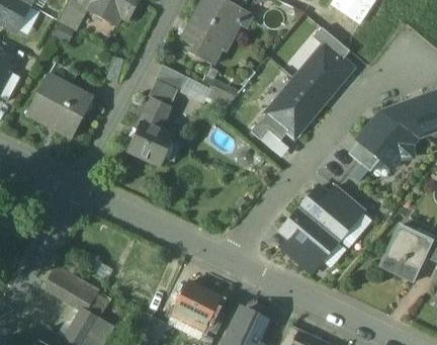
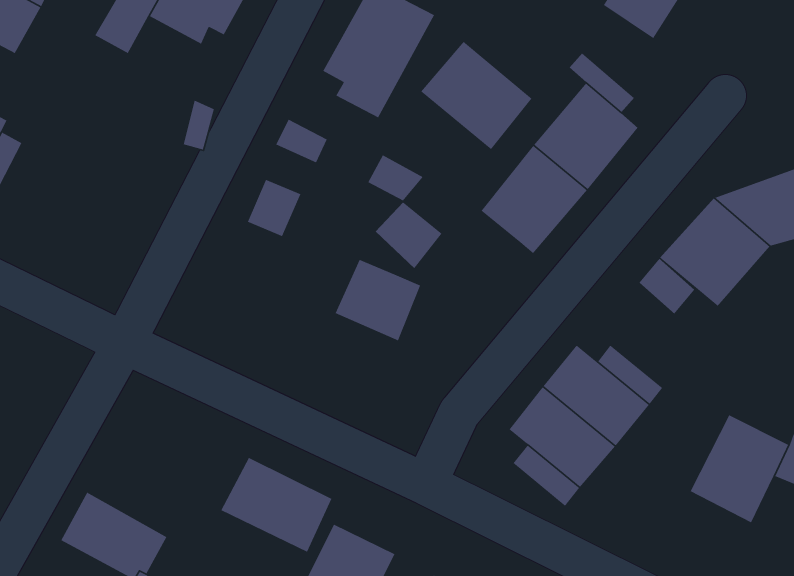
building: none -> [420,41,532,150]
building: [27,76,90,137] -> none
building: [251,114,287,151] -> [375,201,443,269]
building: [127,120,174,165] -> [335,259,421,342]
building: none -> [220,457,333,553]

